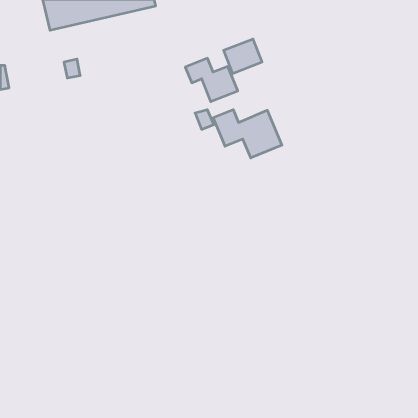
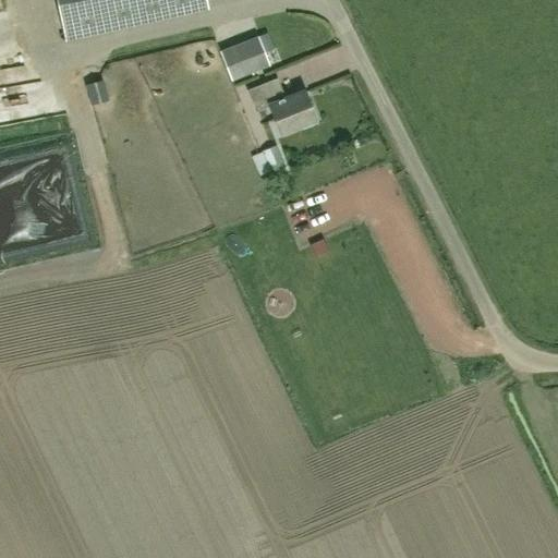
building: [224,39,262,73] -> [220,34,271,80]
building: [213,110,282,158] -> none

